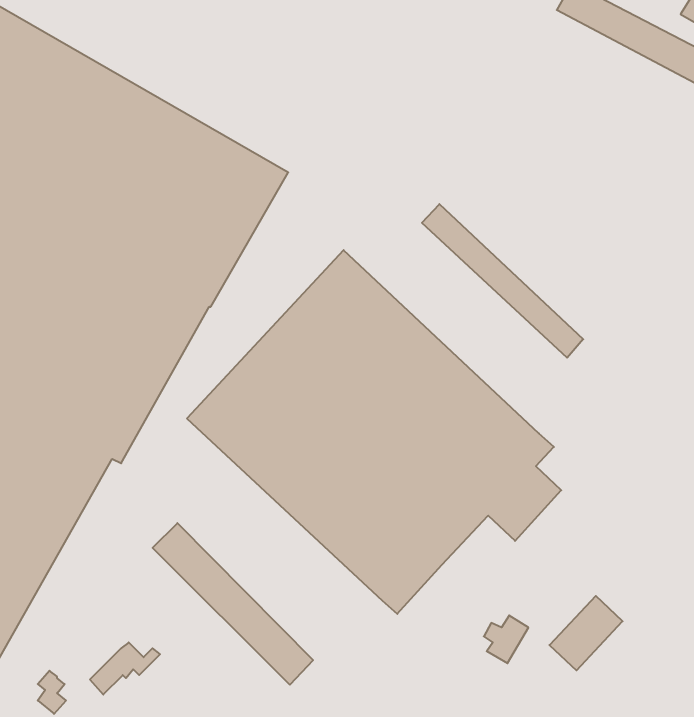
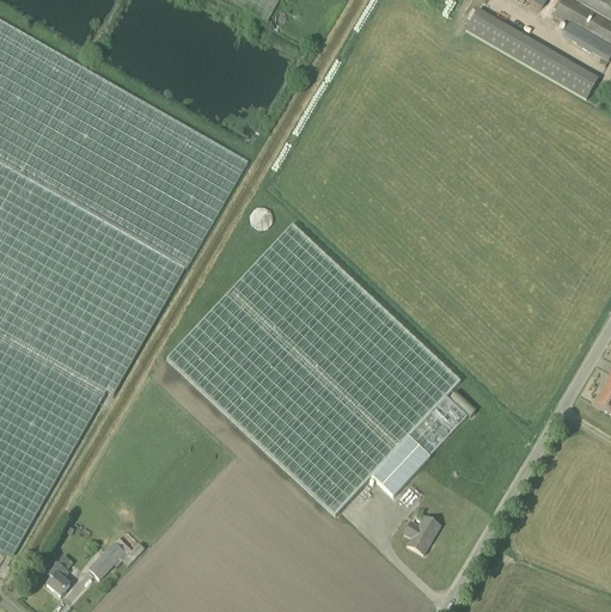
building: [422,204,583,358] -> none
building: [153,523,313,685] -> none
building: [549,596,623,670] -> [371,435,429,495]

